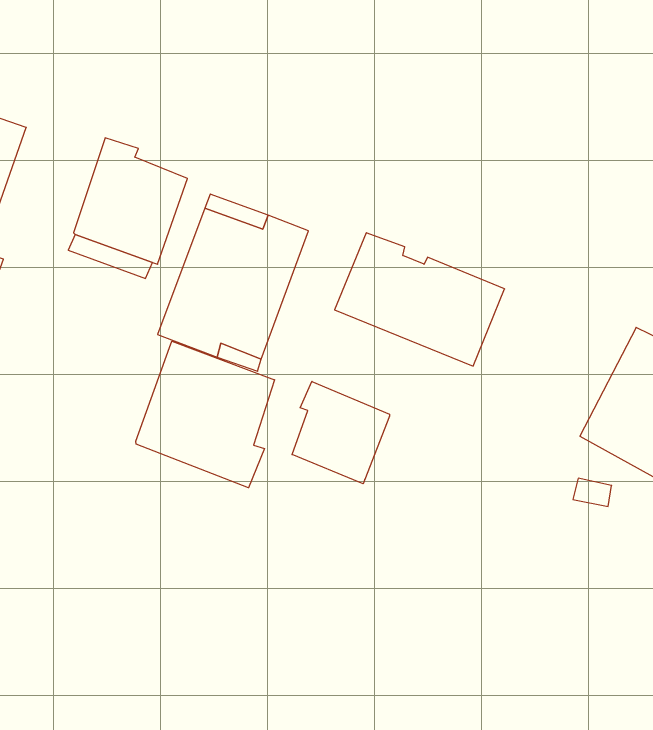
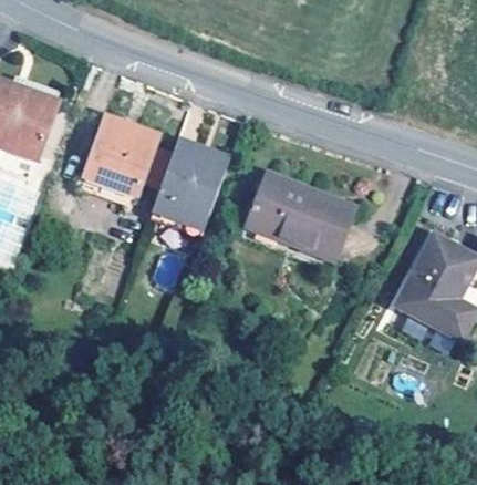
building: [136,341,275,488] -> none
building: [292,381,389,484] -> none

